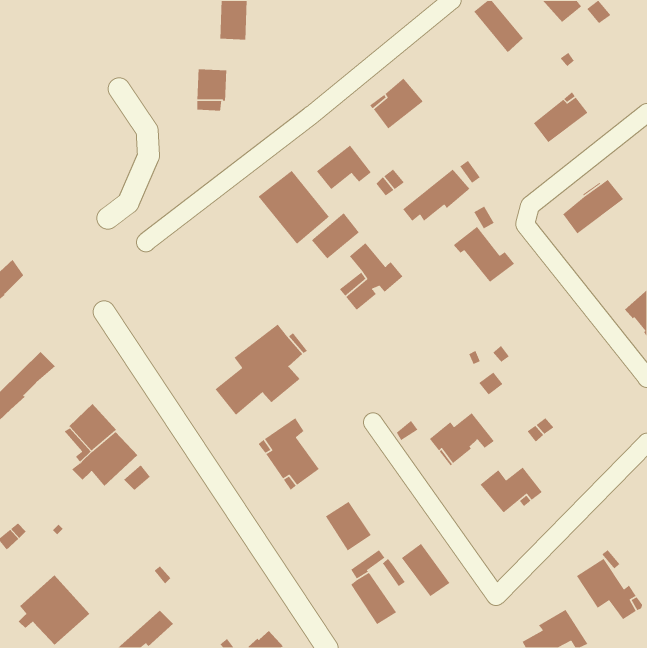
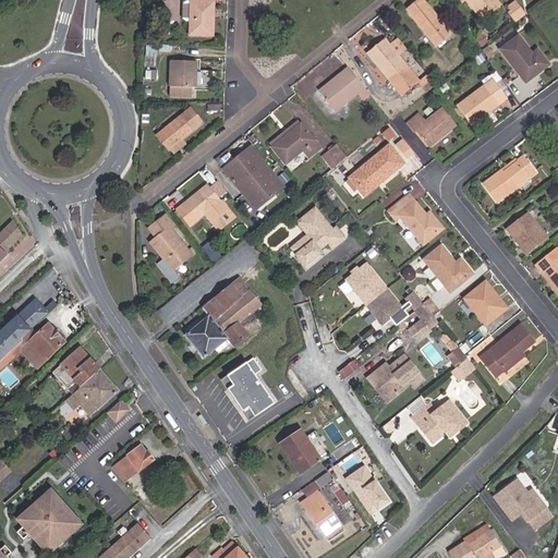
building: none -> [500,36,547,81]
building: none -> [366,37,434,95]
building: none -> [156,107,201,148]
building: none -> [407,109,453,144]
building: [311,212,360,259] -> none
building: none -> [175,184,227,226]
building: none -> [505,210,547,253]
building: none -> [149,215,191,283]
building: none -> [423,244,473,291]
building: none -> [348,264,402,324]
building: none -> [464,281,508,324]
building: none -> [481,324,533,375]
building: none -> [10,325,65,371]
building: none -> [113,445,154,482]

